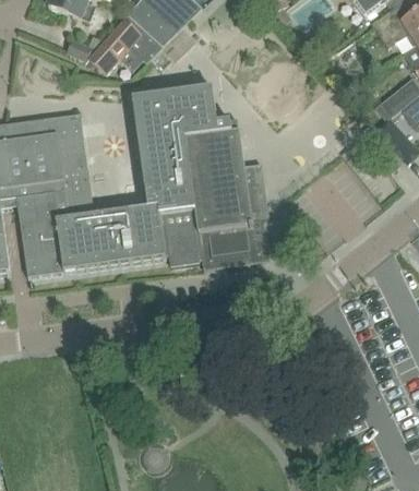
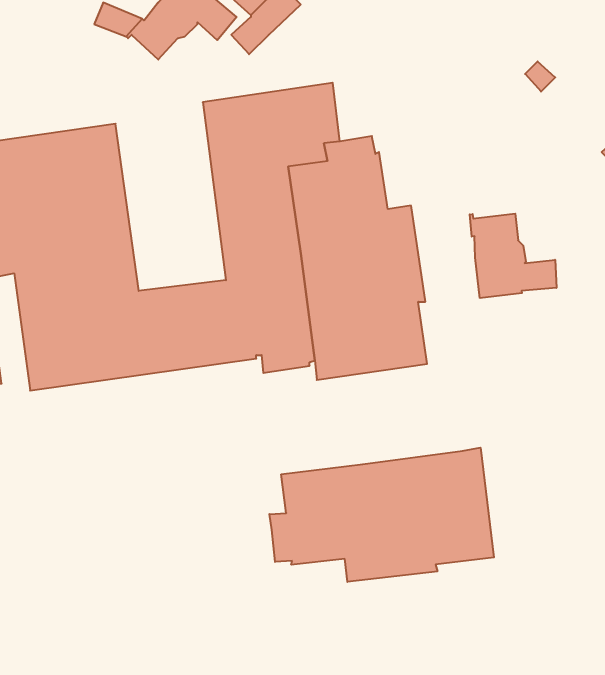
building: none -> [470,214,556,298]
building: none -> [269,448,494,582]

